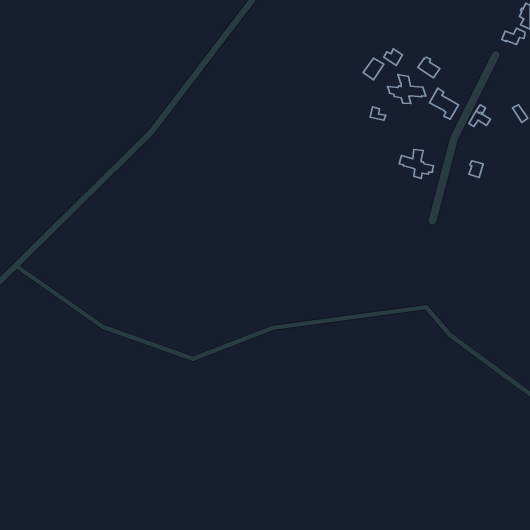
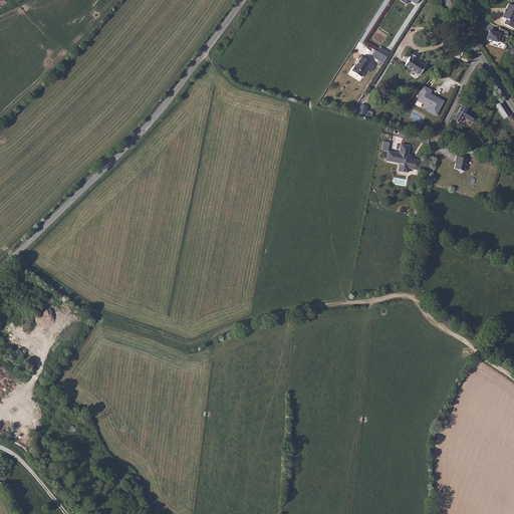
building: [388,74,426,104] -> none

